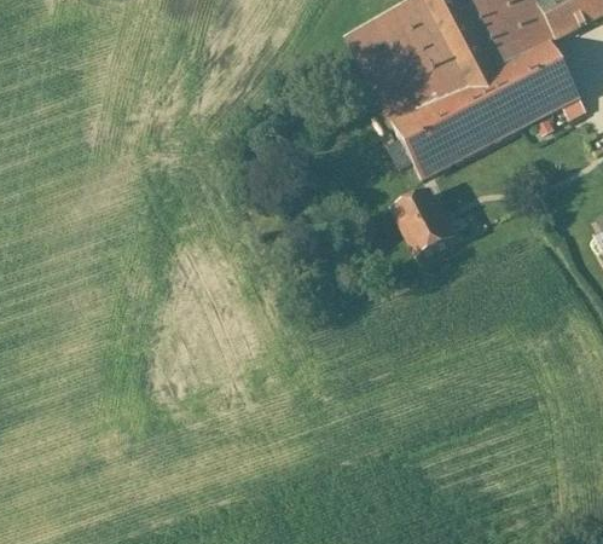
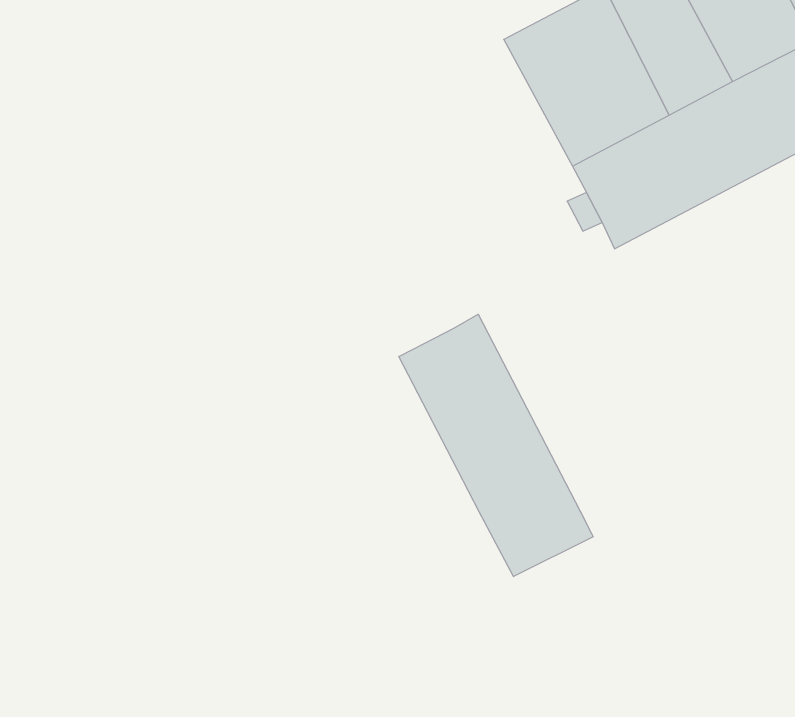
building: [395,191,454,256] -> none
building: none -> [399,314,593,577]

